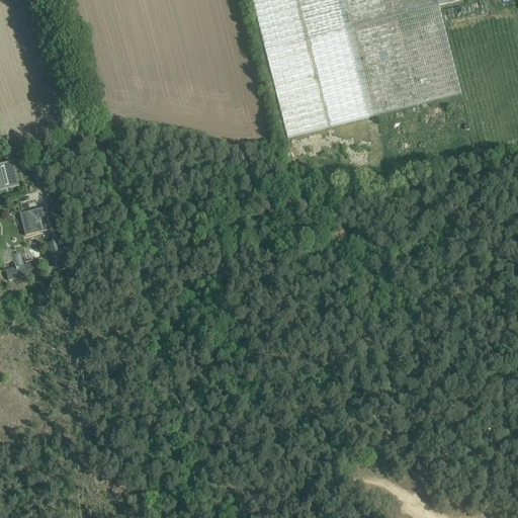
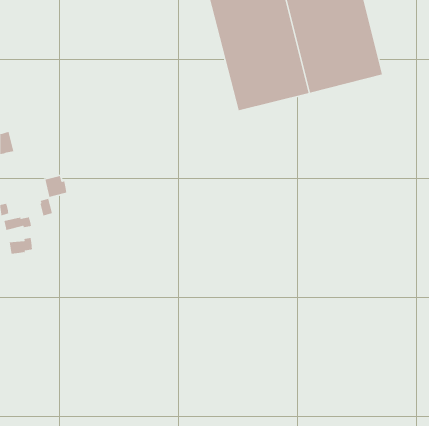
building: [19,204,47,232] -> [45,175,67,198]
building: none -> [9,237,33,255]

